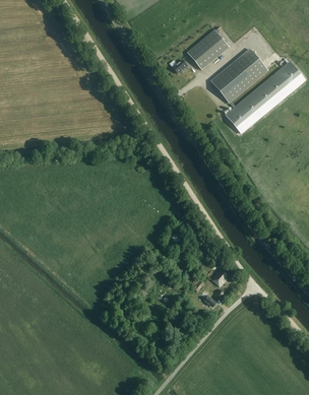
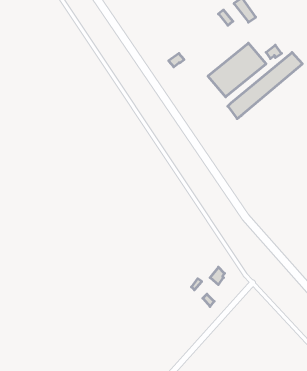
building: [187,29,229,69] -> none

